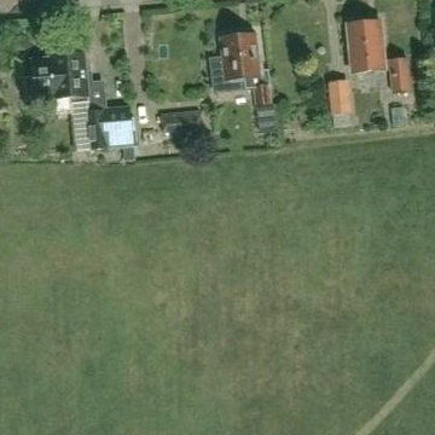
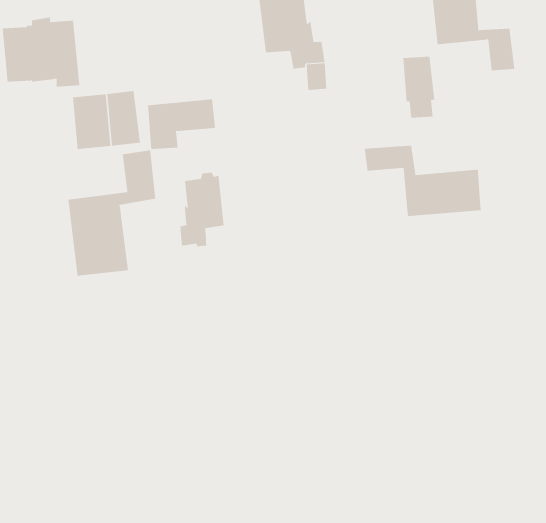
building: none -> [364,145,481,217]
building: none -> [68,149,156,276]
building: none -> [180,172,224,247]

